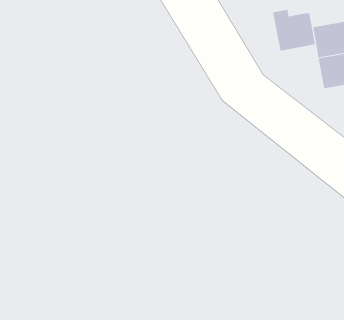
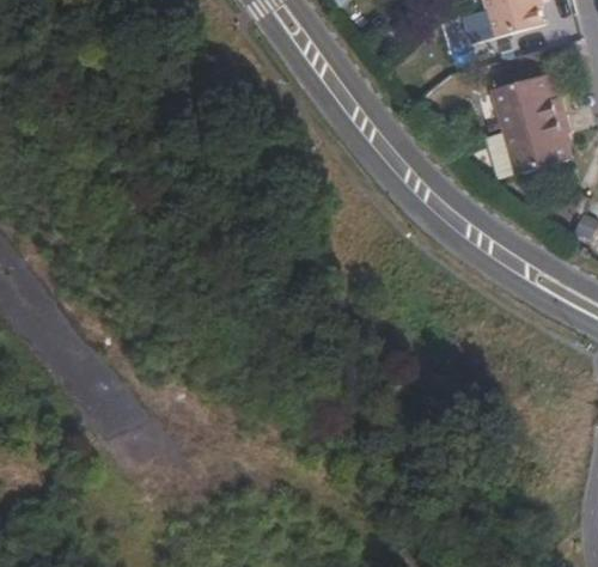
building: [273,9,316,51] -> none

